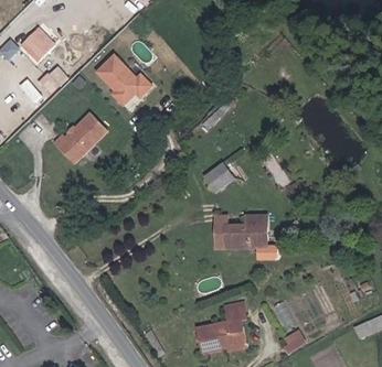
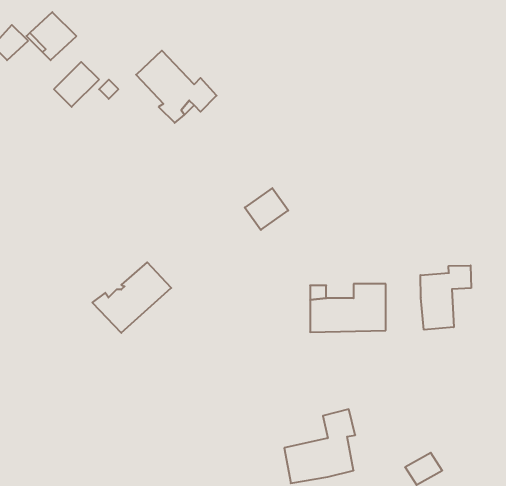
building: [55,114,109,162] -> [92,262,171,333]
building: [203,163,233,192] -> [245,188,288,230]
building: none -> [420,265,471,330]

